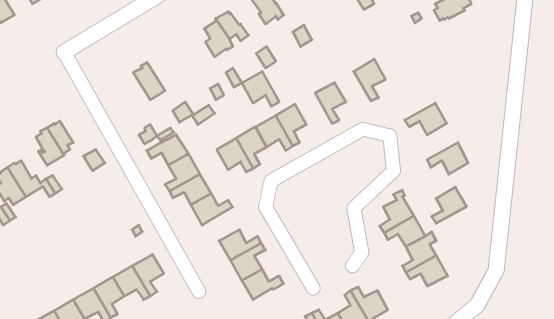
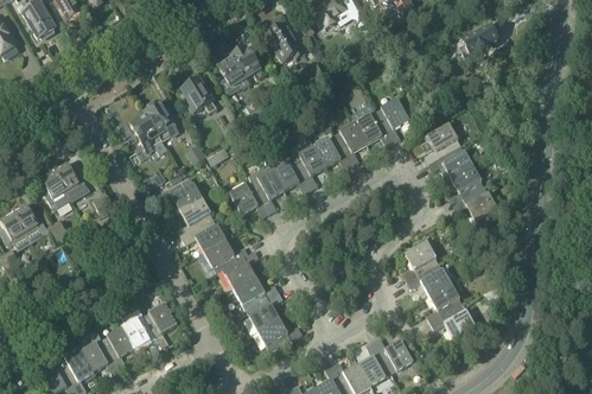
building: none -> [182,78,216,112]
building: [242,71,279,106] -> [313,133,352,170]
building: none -> [355,110,393,146]
building: none -> [129,112,166,152]
building: none -> [425,123,460,161]
building: [432,187,467,223] -> [447,165,484,203]
building: none -> [222,249,259,288]

